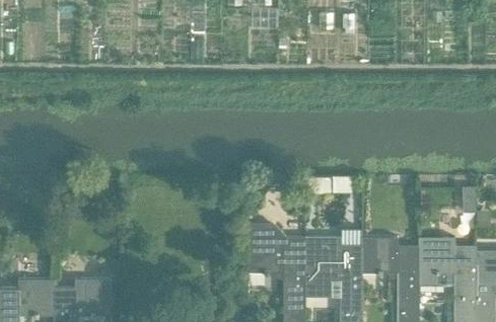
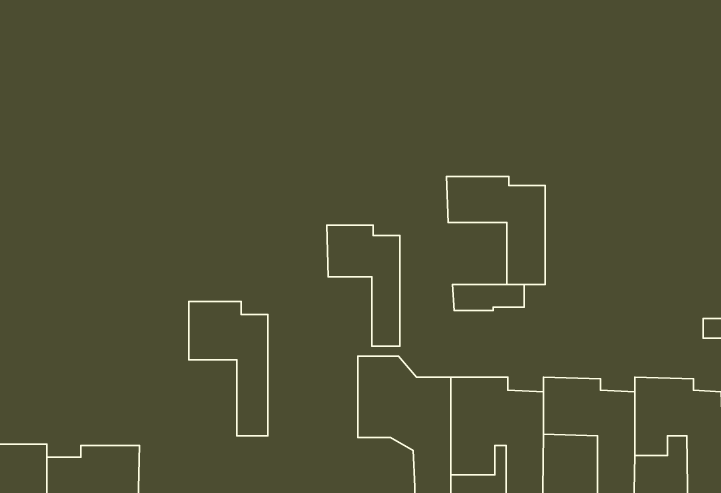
building: none -> [446,176,545,284]
building: none -> [327,225,400,346]
building: none -> [189,301,268,436]

